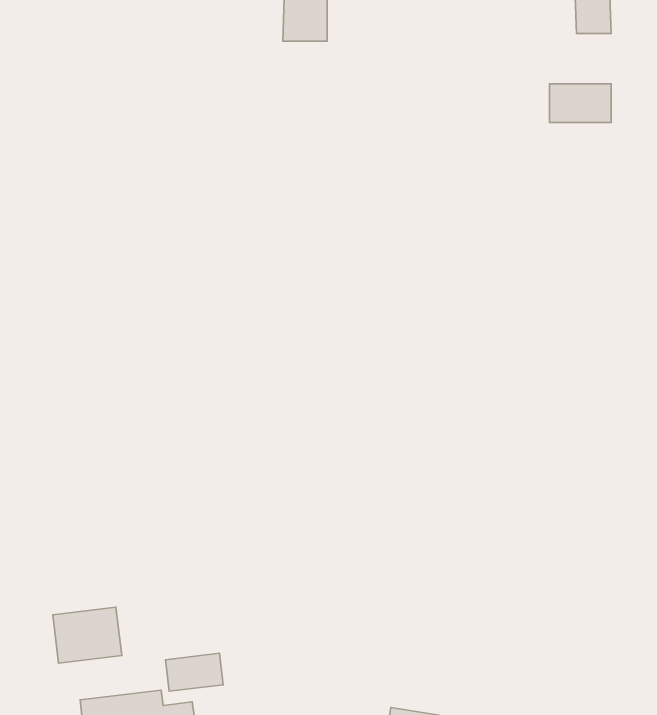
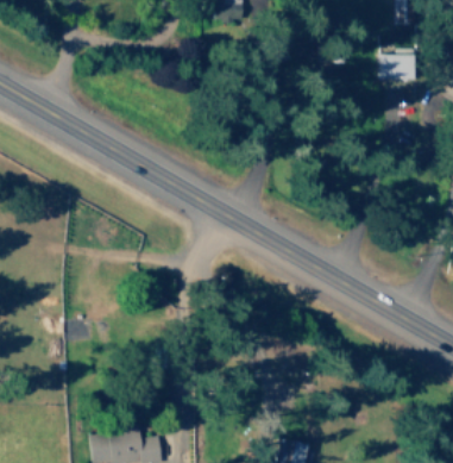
building: [53,607,122,663] -> none
building: [165,653,223,691] -> none

